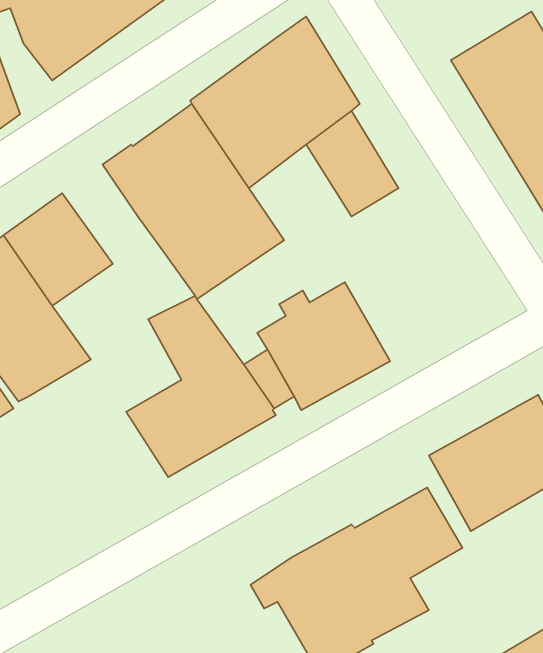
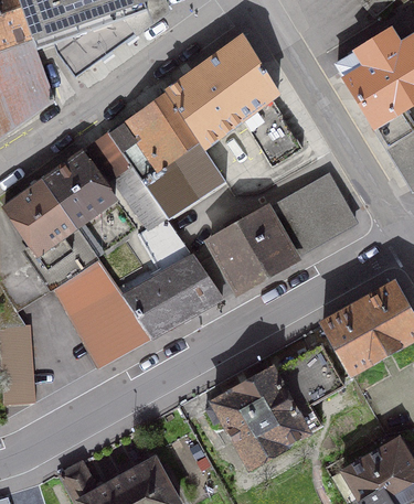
building: none -> [87,132,148,203]
building: none -> [266,173,359,261]
building: none -> [59,260,150,366]

